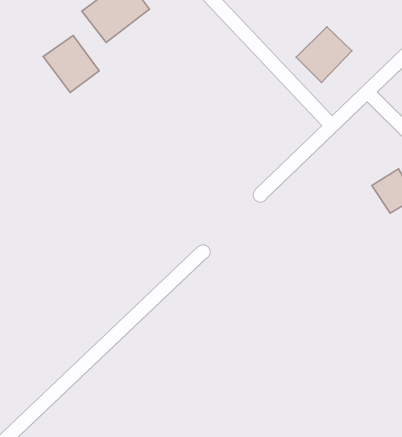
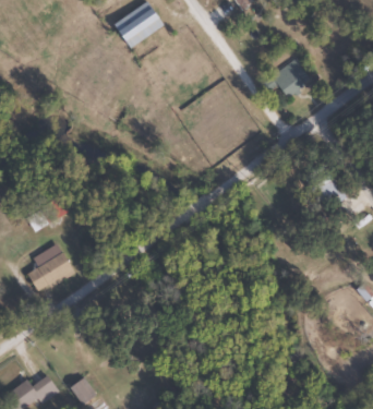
building: [43,36,99,93] -> none
building: none -> [25,249,74,293]

